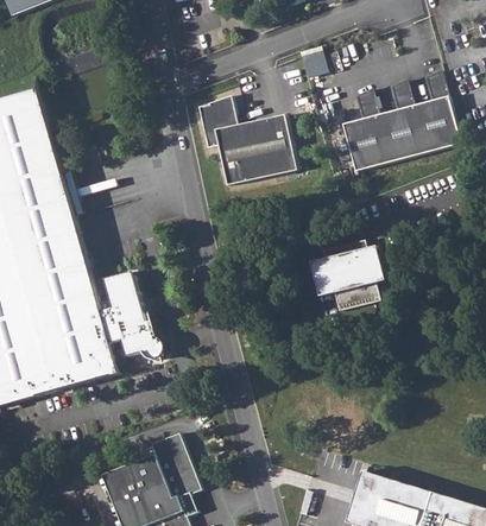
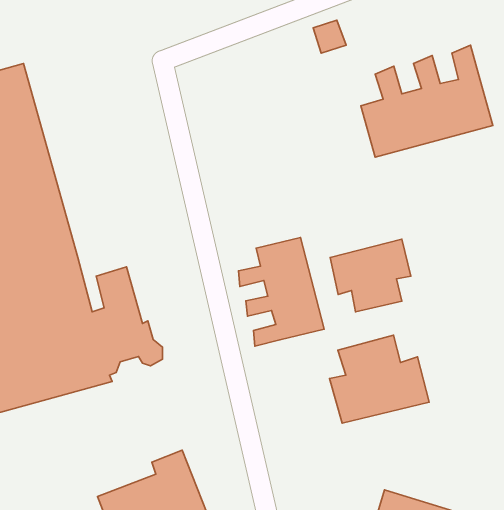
building: [197,93,296,185] -> none
building: none -> [238,237,324,346]
building: none -> [329,335,429,423]

